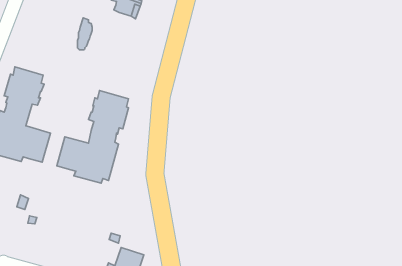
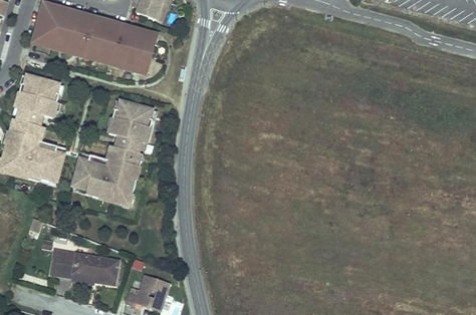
building: none -> [37,6,95,53]
building: none -> [110,27,155,70]
building: none -> [51,250,117,284]

